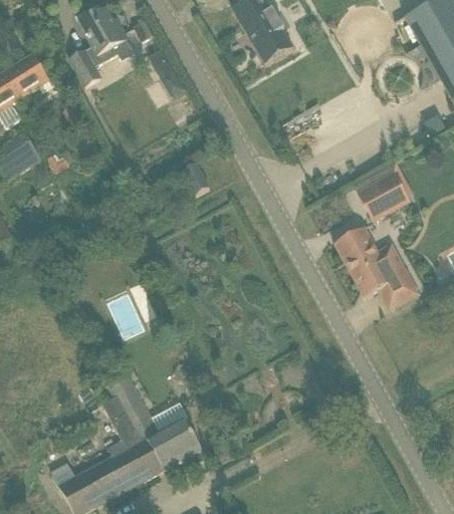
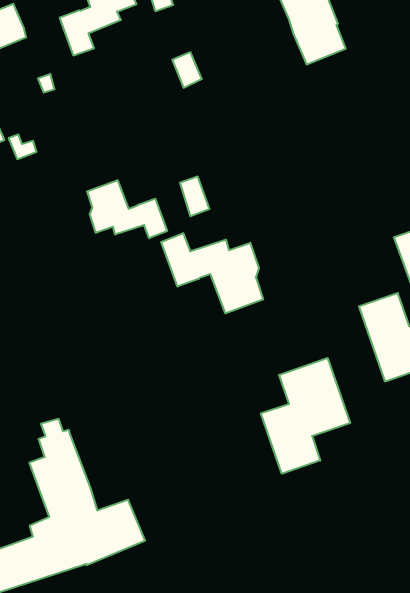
building: none -> [87,180,167,238]
building: none -> [161,233,263,313]
building: none -> [261,358,350,474]

